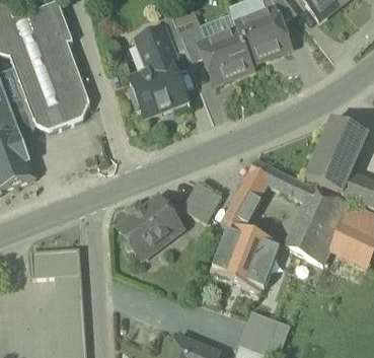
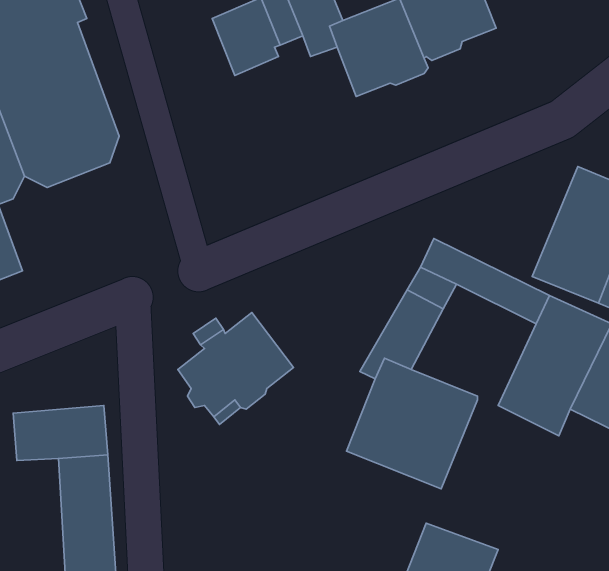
building: [129,60,188,117] -> none
building: [183,182,222,221] -> none

